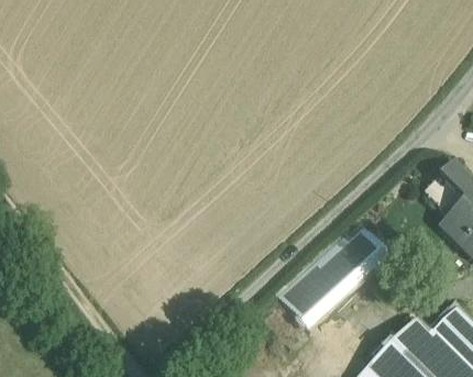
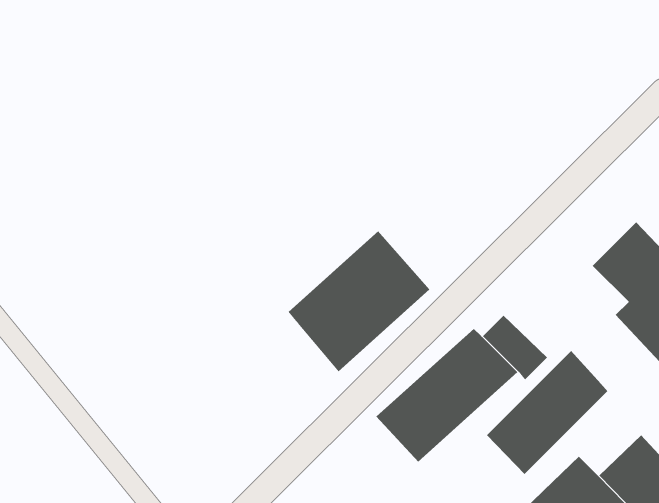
building: none -> [288,230,430,372]
building: none -> [486,350,608,475]

